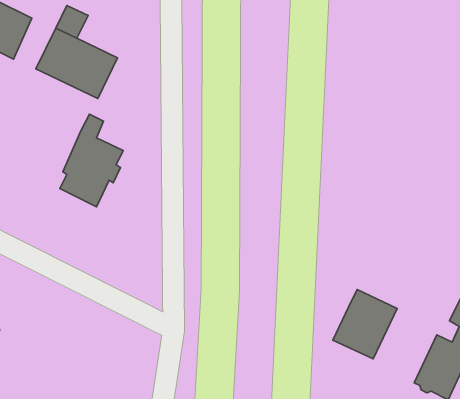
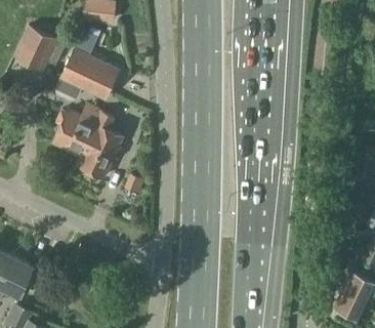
building: none -> [54,105,99,153]
building: [333,290,397,359] -> none

